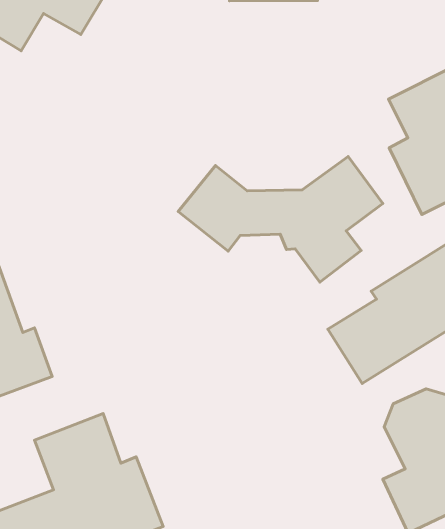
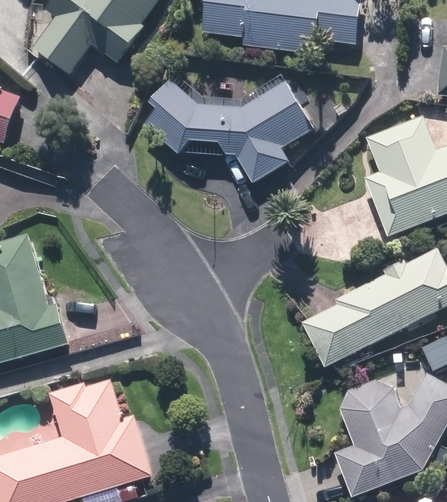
building: [178,156,383,282] -> [140,80,308,183]

